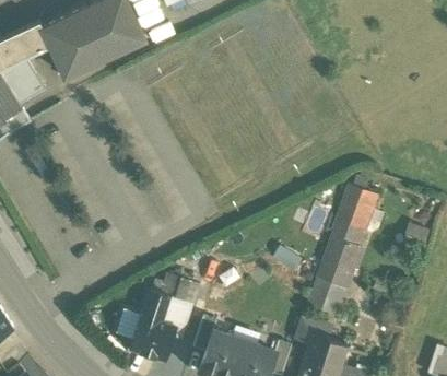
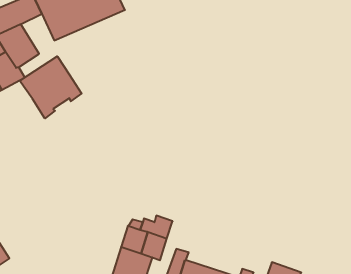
building: none -> [20,56,82,118]
building: [303,180,379,328] -> none

